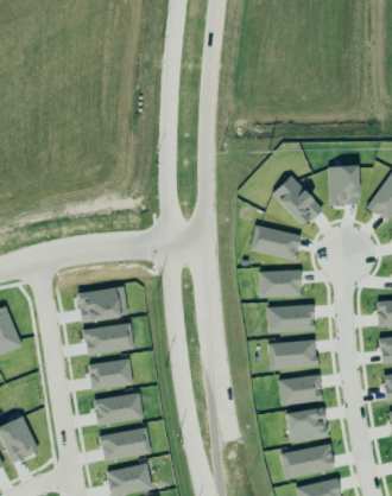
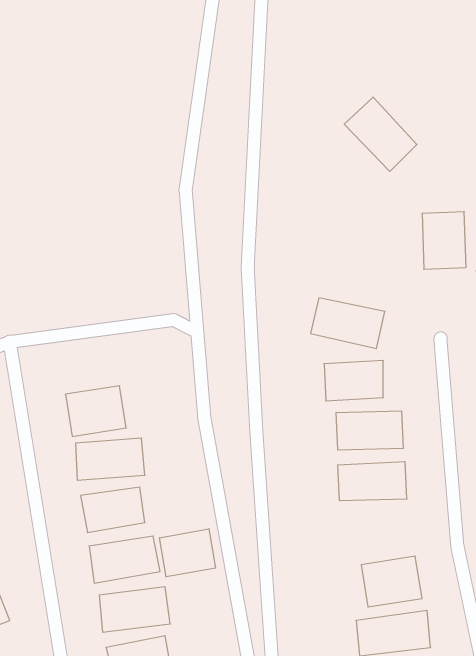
building: [271,176,322,228] -> [344,97,417,171]
building: [279,376,322,403] -> none
building: none -> [159,529,216,577]

